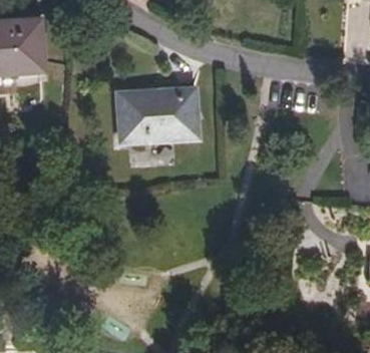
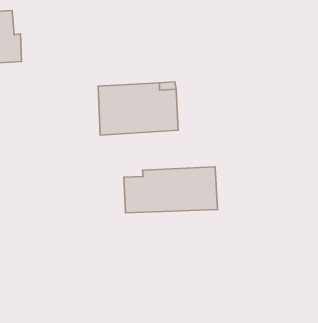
building: none -> [124,167,218,213]

